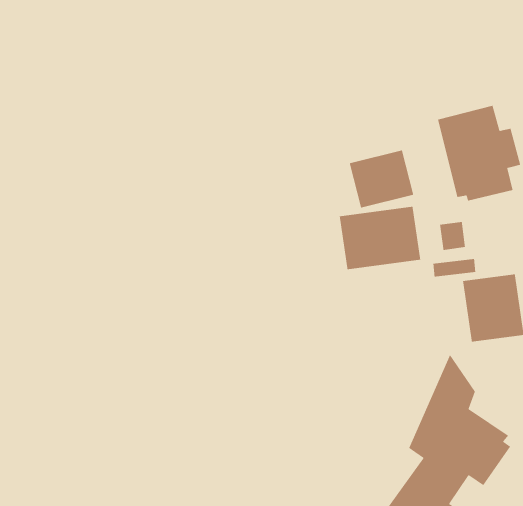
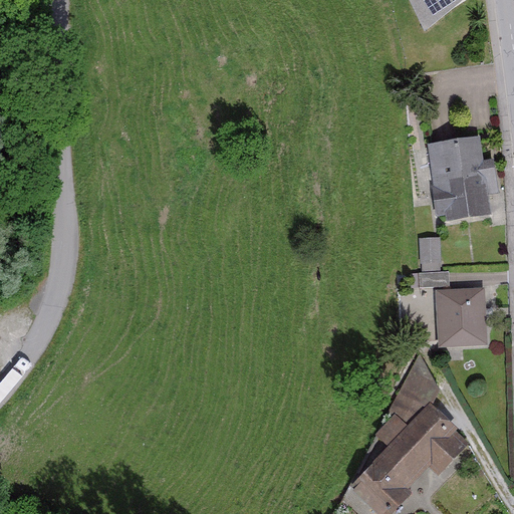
building: [349,150,414,208] -> none
building: [339,206,421,270] -> none

